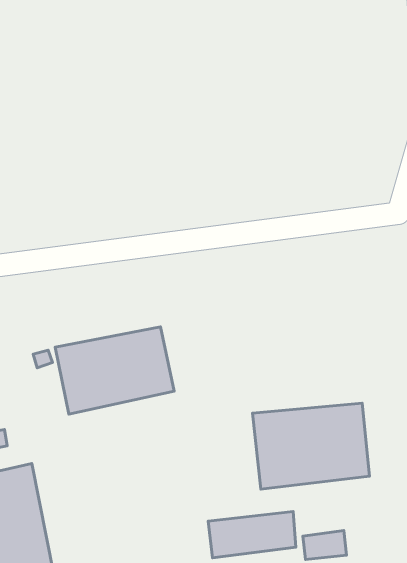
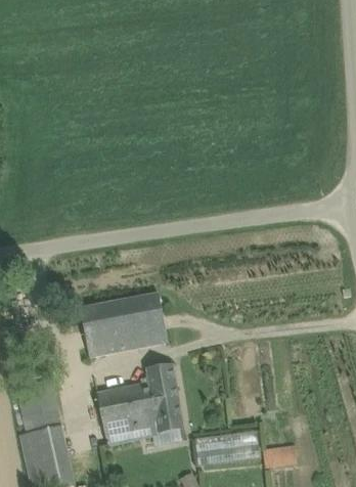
building: [253,403,370,489] -> none
building: none -> [95,364,181,445]

